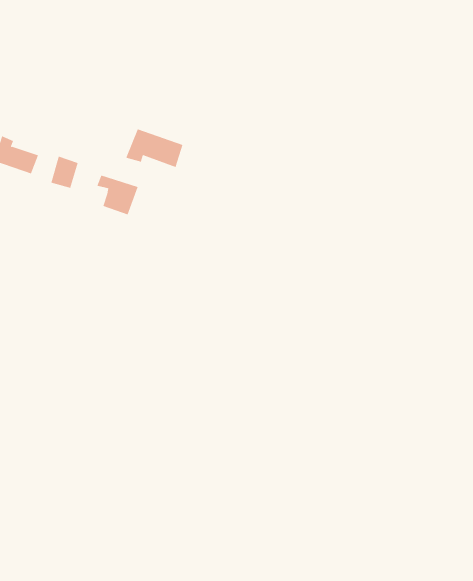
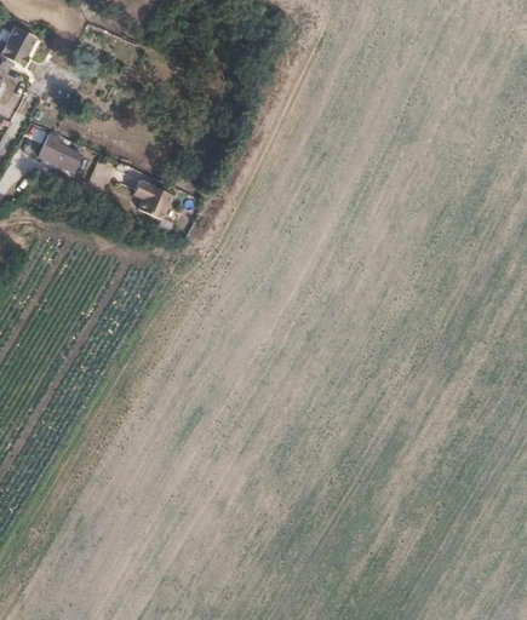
building: [125,128,183,168] -> none

